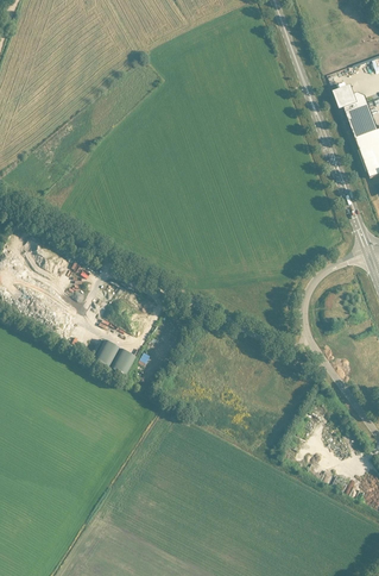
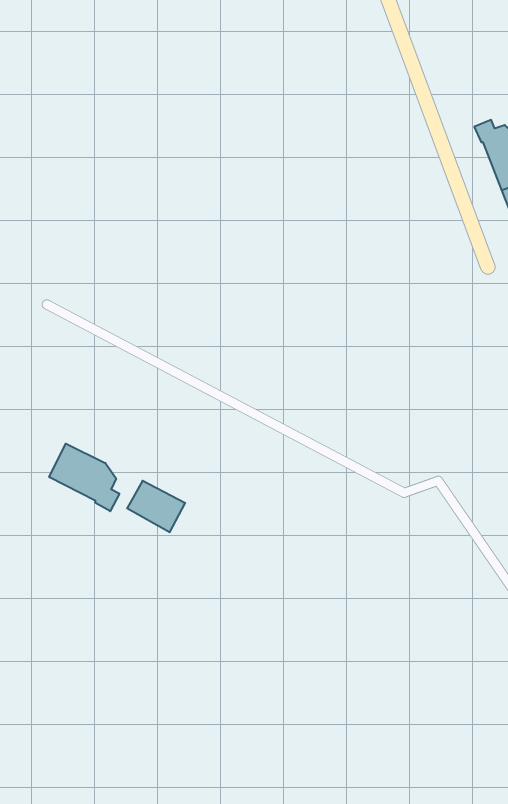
building: none -> [49,444,119,511]

